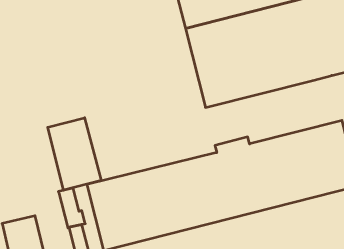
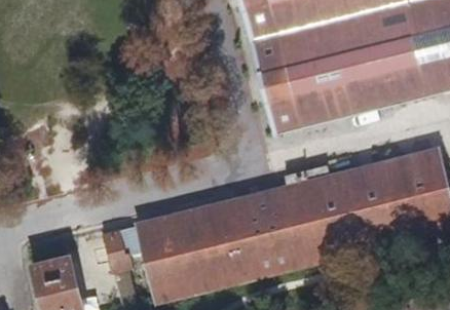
building: [48,118,101,190] -> none

